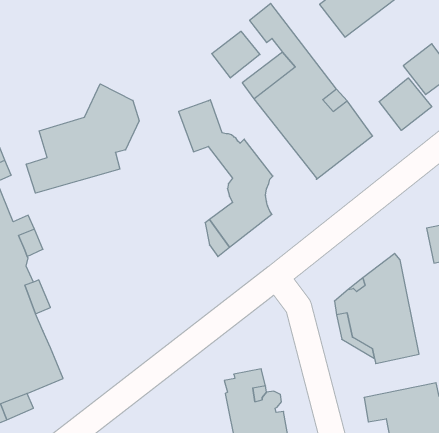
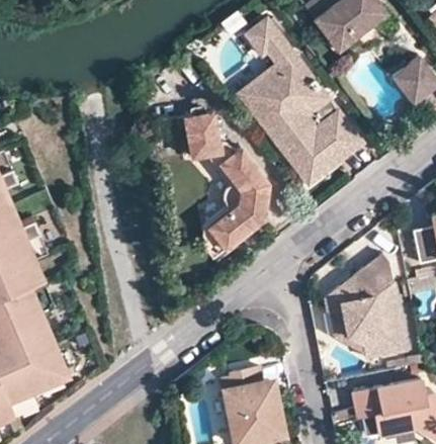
building: [212,31,260,78] -> none
building: [379,78,432,130] -> none
building: [26,84,139,193] -> none

